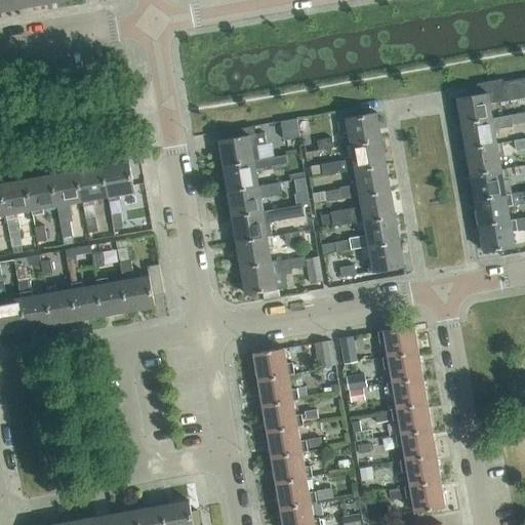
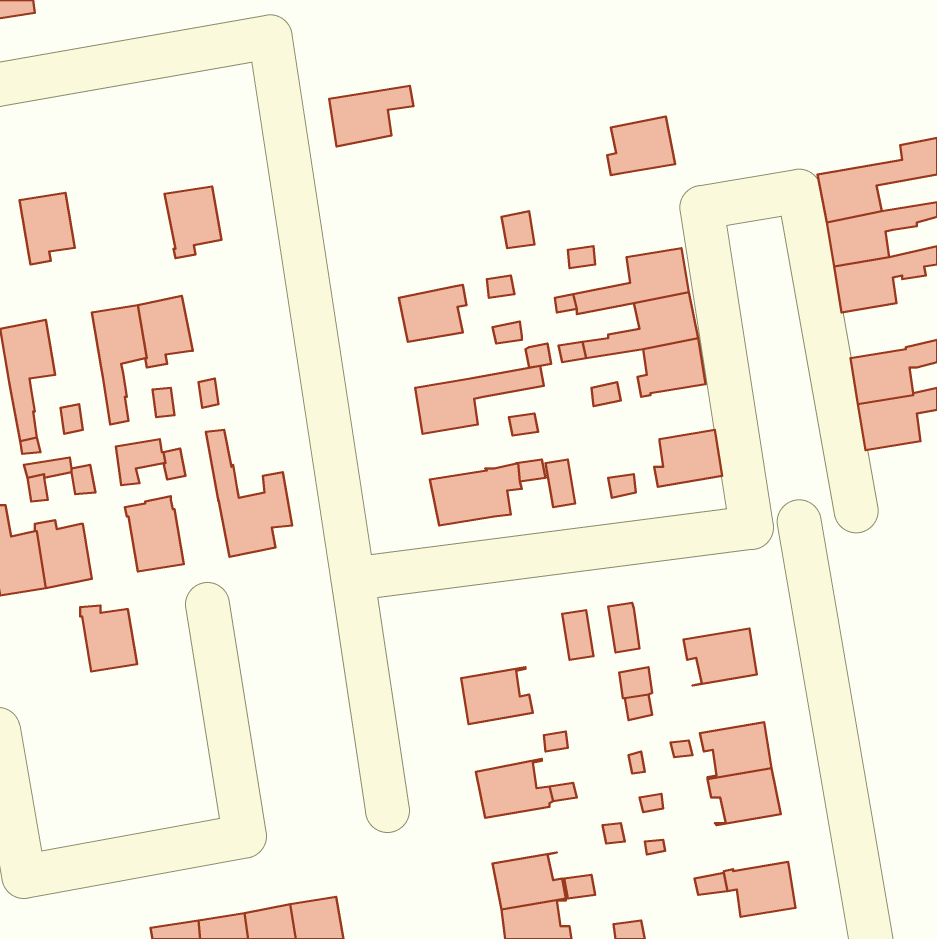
building: [342,112,380,145] -> [607,116,675,175]
building: [218,132,266,166] -> [329,86,414,146]
building: [102,161,133,201] -> [164,186,221,258]
building: [470,168,510,200] -> none
building: [26,174,56,214] -> [20,193,75,264]
building: [228,185,265,216] -> none
building: [327,214,399,252] -> none
building: [236,236,274,268] -> none
building: [95,277,128,315] -> none
building: [45,286,77,323] -> [80,605,137,672]
building: [377,325,418,356] -> none
building: [252,348,293,378] -> none
building: [387,376,427,409] -> none
building: [261,398,302,431] -> none
building: [271,450,311,482] -> none
building: [400,454,440,486] -> none

